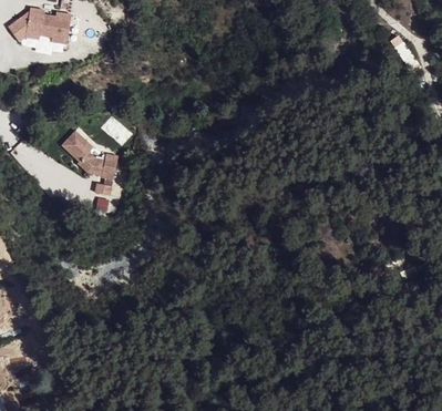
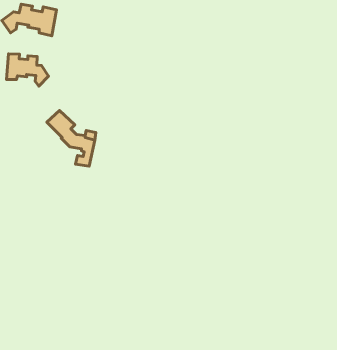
building: none -> [6,54,48,86]

